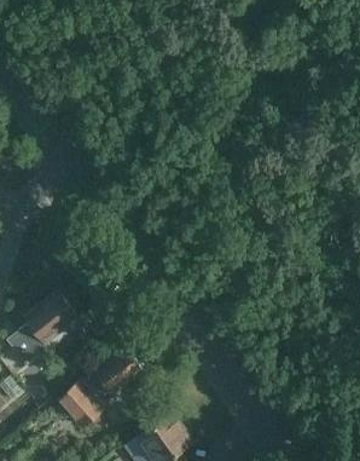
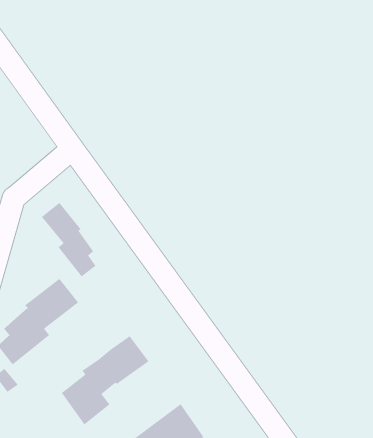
building: none -> [41,202,96,277]

